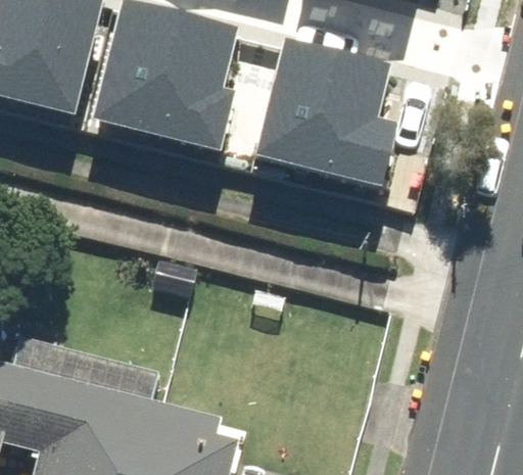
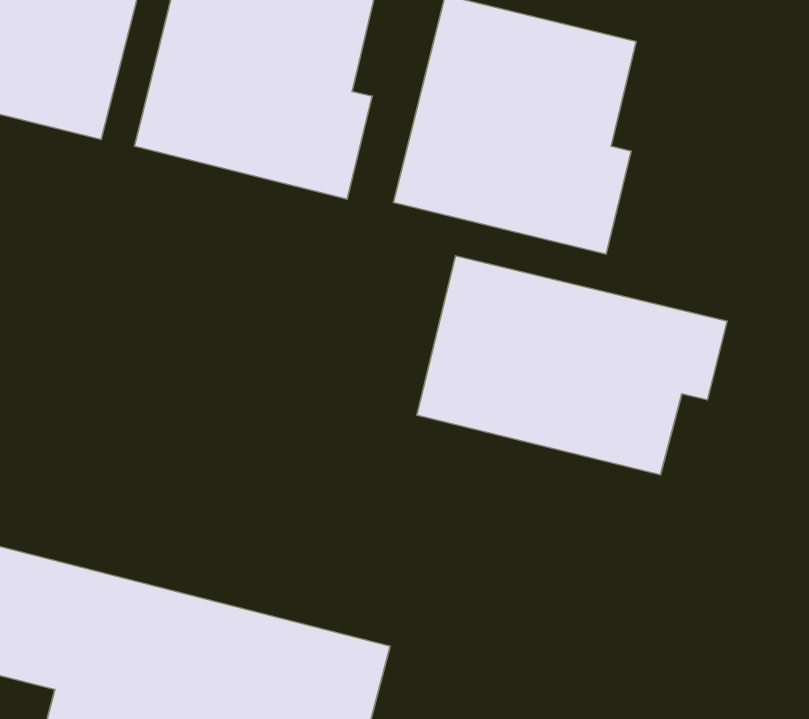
building: none -> [417,256,727,475]

